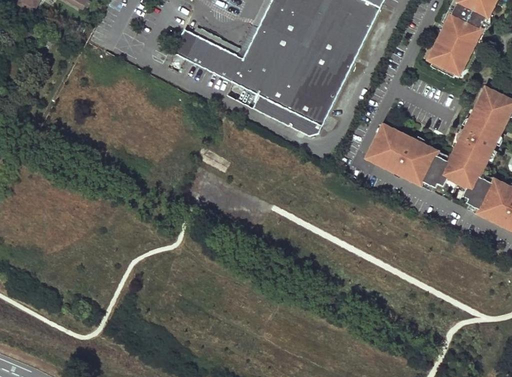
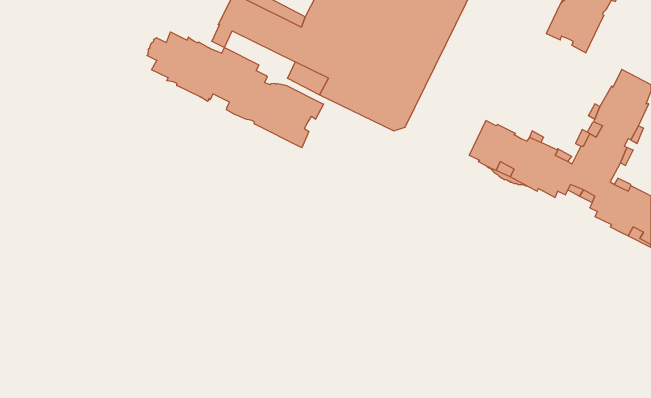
building: none -> [147,32,324,148]

